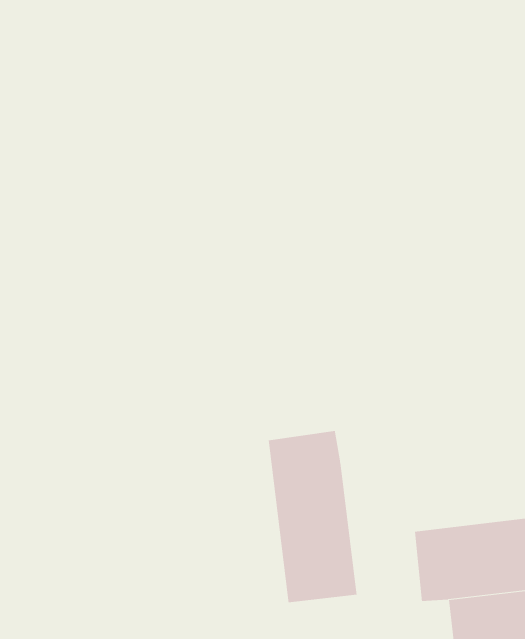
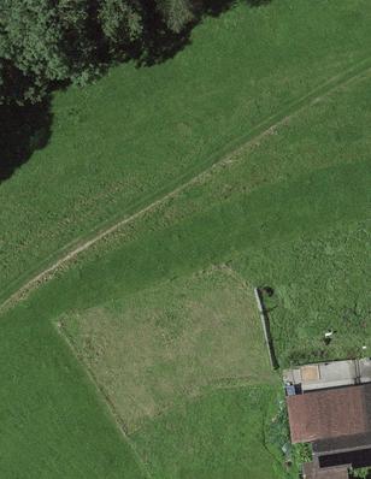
building: [268,430,357,603] -> none

